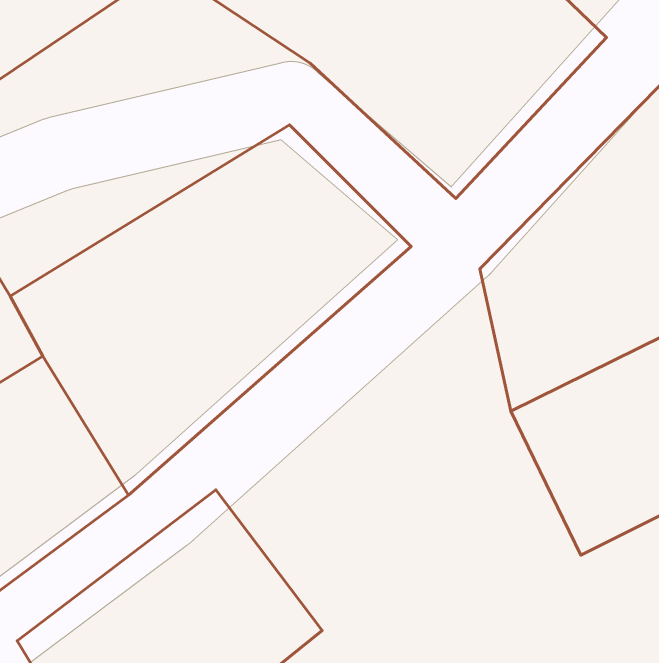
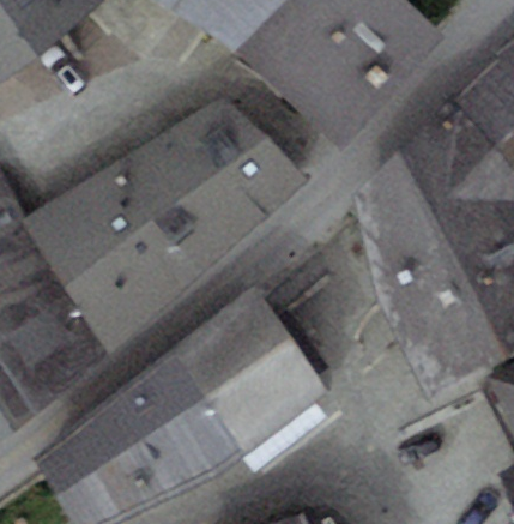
building: none -> [171,288,331,450]

